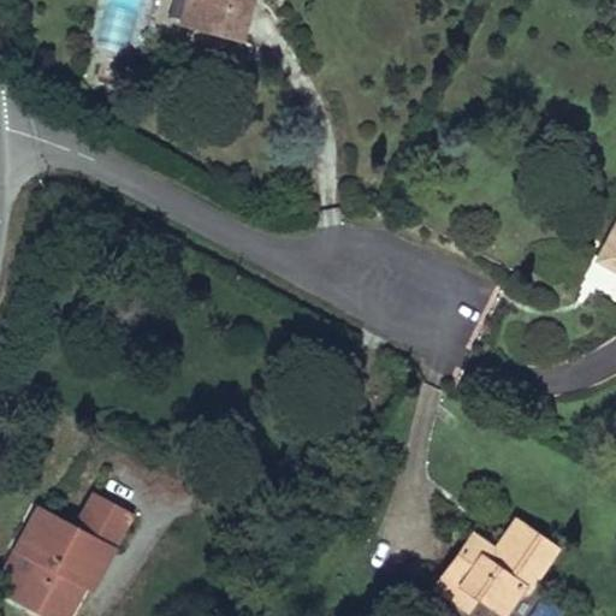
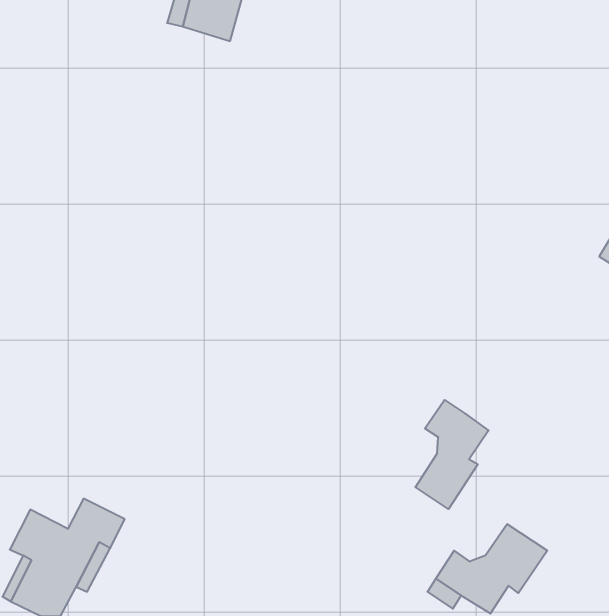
building: none -> [415,400,489,509]

